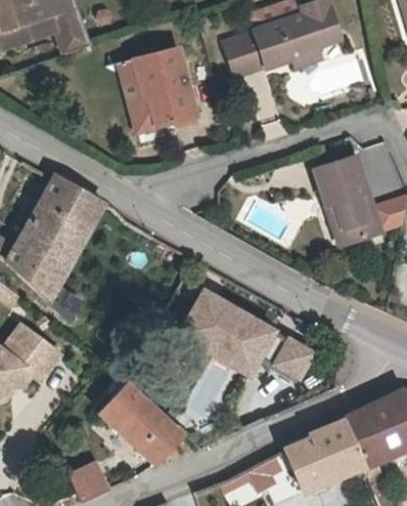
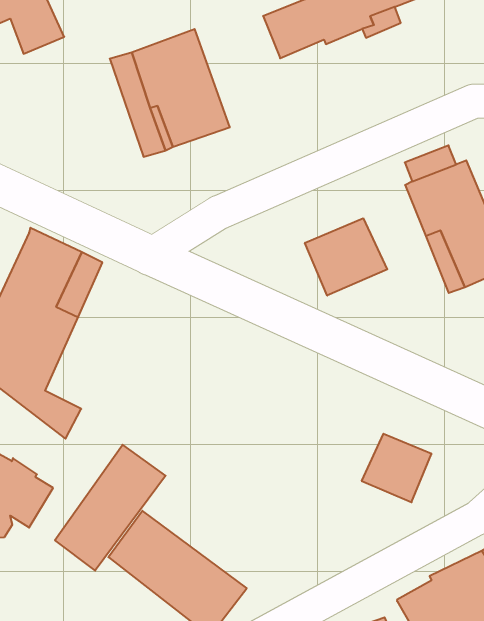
building: none -> [305,218,387,296]
building: [174,293,279,378] -> none
building: none -> [55,445,166,571]

